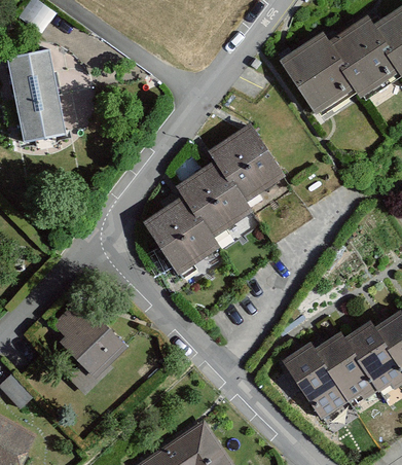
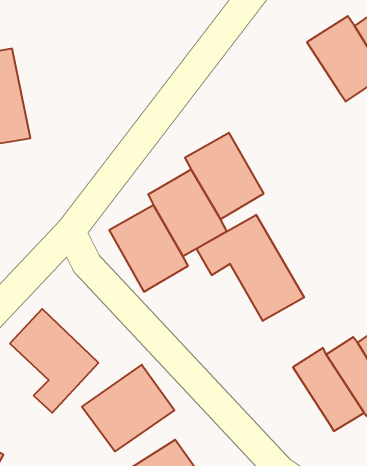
building: [283,31,359,113] -> none
building: none -> [197,215,304,321]
building: [283,346,351,425] -> none
building: none -> [82,365,174,451]

